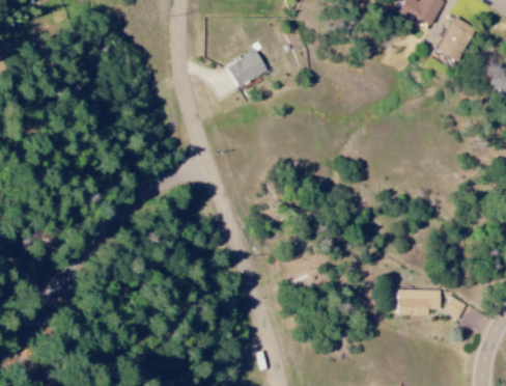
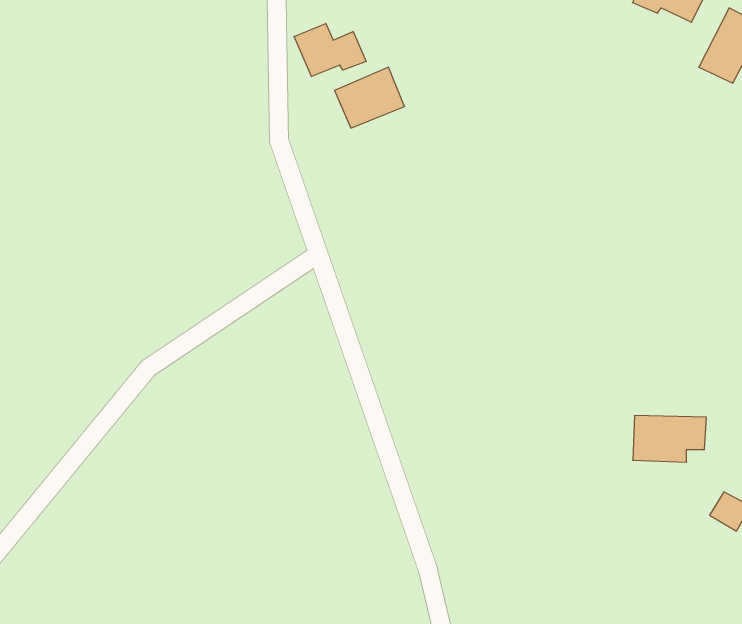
building: none -> [294,23,366,77]
building: [398,288,441,315] -> [633,415,706,462]

